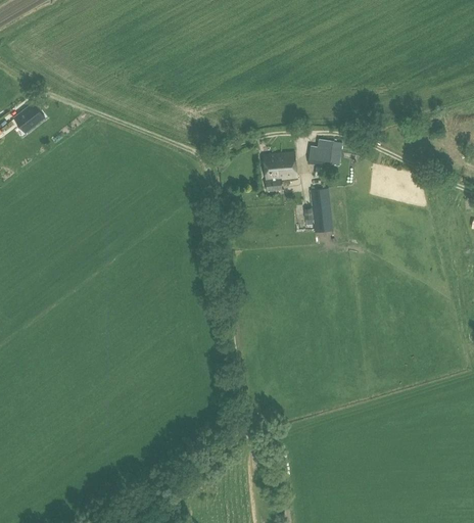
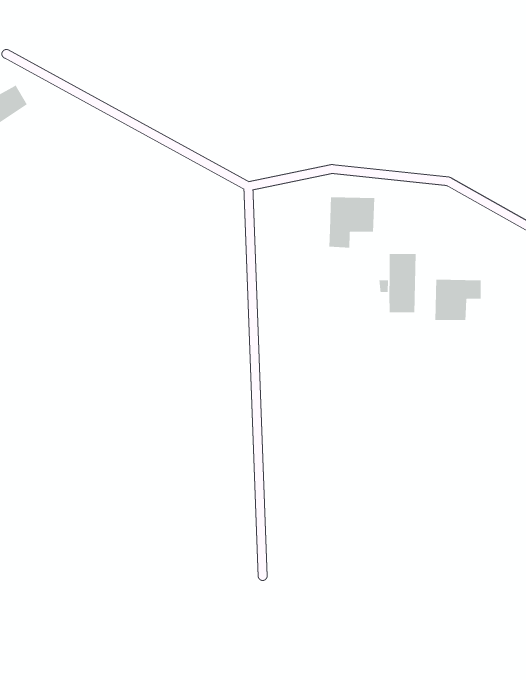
building: [307,138,342,167] -> none
building: none -> [435,279,482,321]

